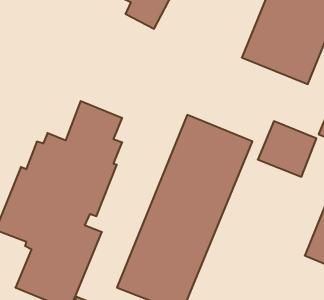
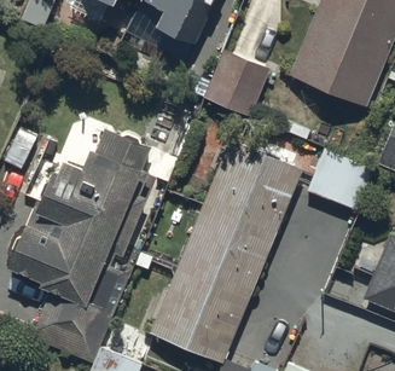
building: none -> [203,48,271,118]

